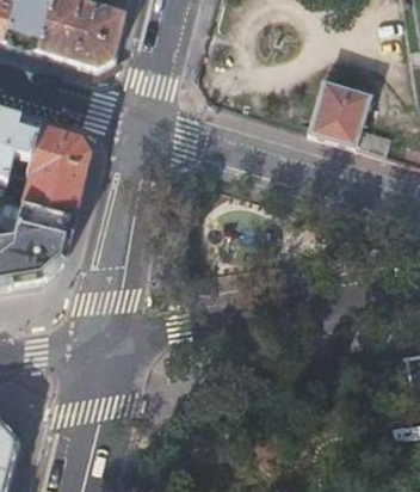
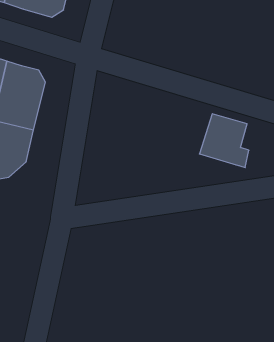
building: [309,70,373,141] -> [199,114,249,168]

